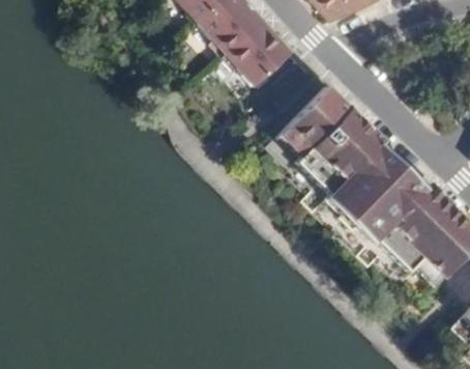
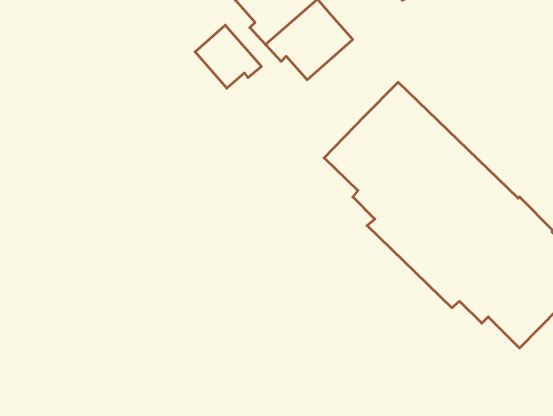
building: none -> [195,25,261,88]

